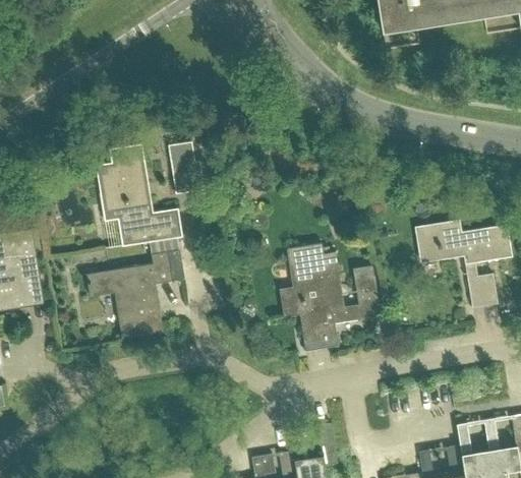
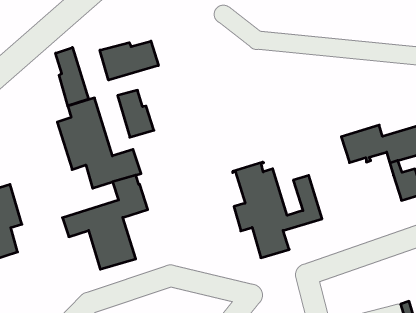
building: none -> [56,47,88,106]
building: none -> [100,41,158,80]

